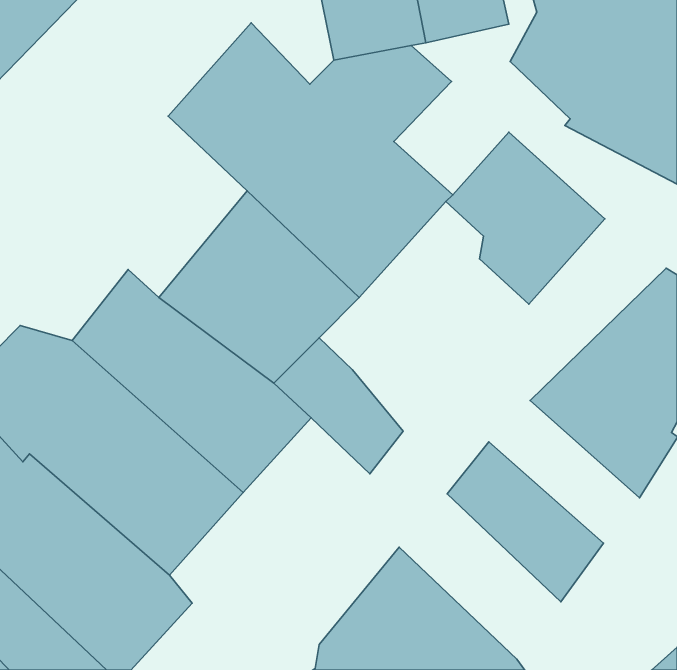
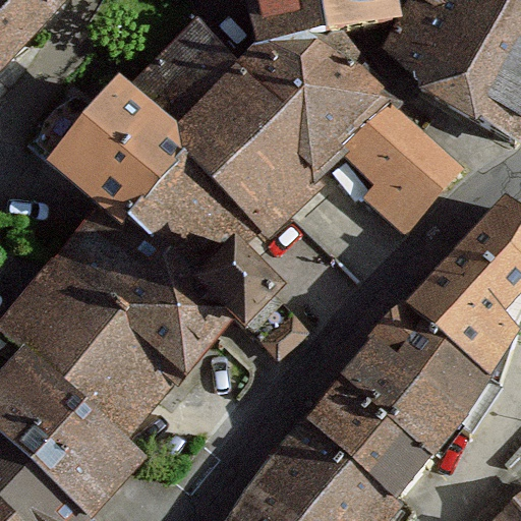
building: none -> [300,62,388,149]
building: none -> [30,80,188,227]
building: none -> [372,305,487,418]
building: none -> [304,377,427,503]

